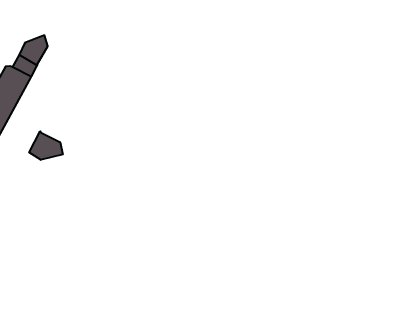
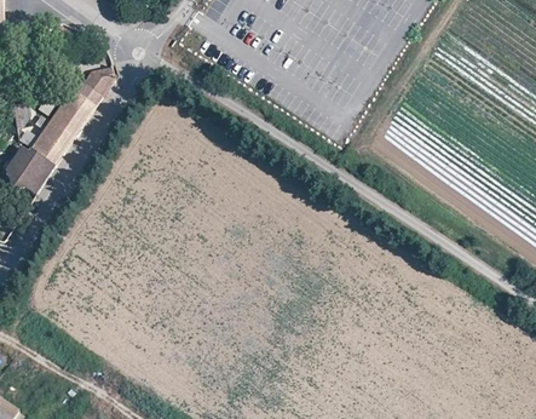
building: [29,131,63,160] -> none

